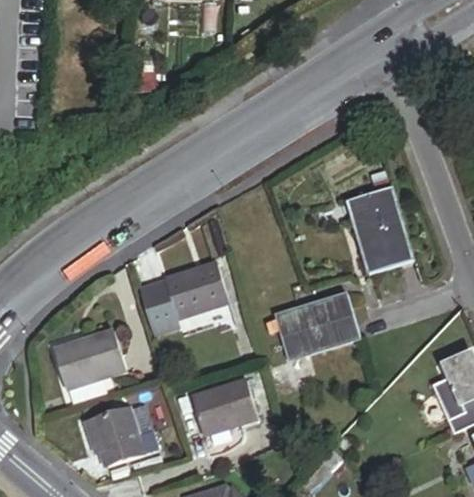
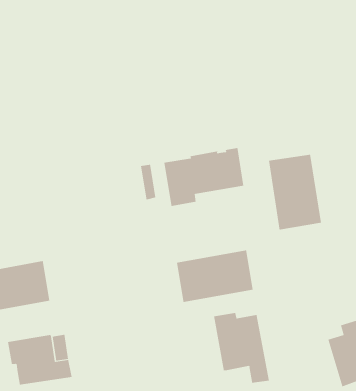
building: [142,259,231,330] -> [164,148,244,206]
building: none -> [214,312,269,383]
building: [193,383,258,439] -> none

